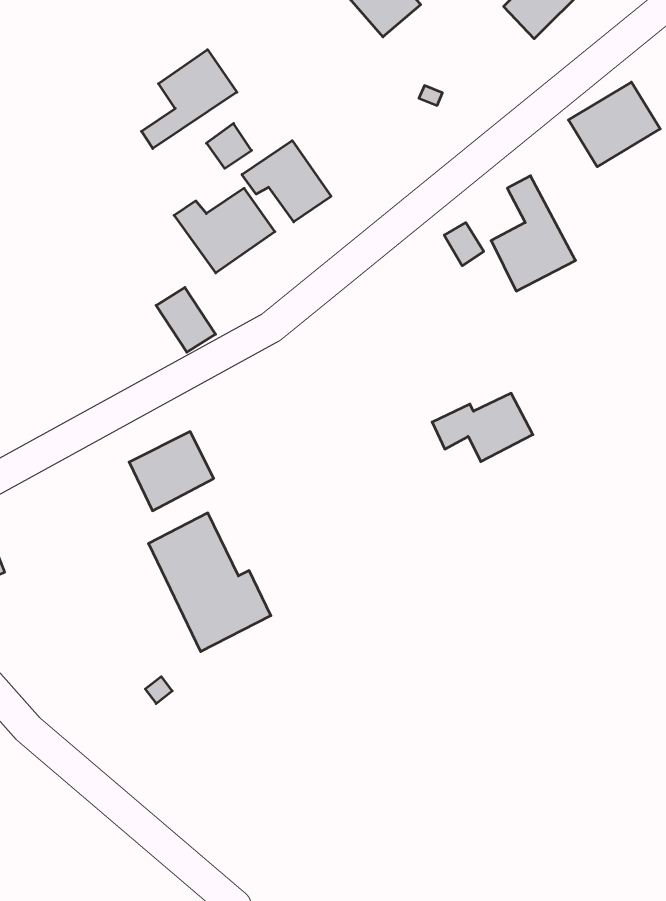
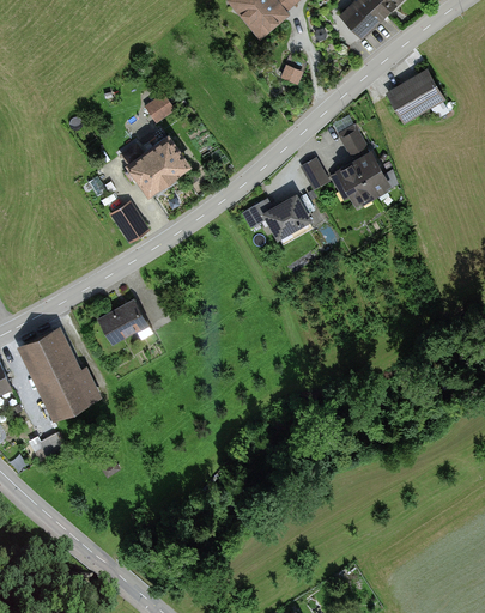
building: [141,50,237,149] -> none
building: [242,141,331,222] -> none
building: [432,393,533,462] -> [243,194,310,239]
building: [148,513,271,652] -> [19,330,101,423]

